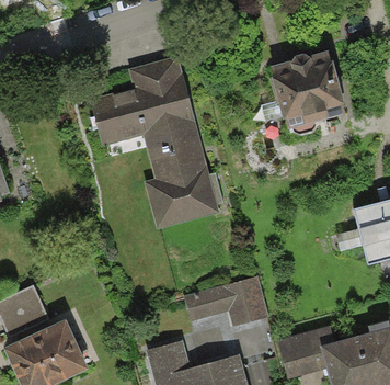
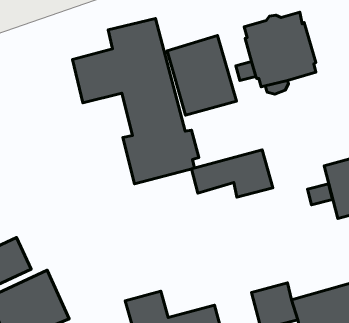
building: none -> [167,36,236,115]
building: [184,276,268,326] -> [192,150,273,197]

